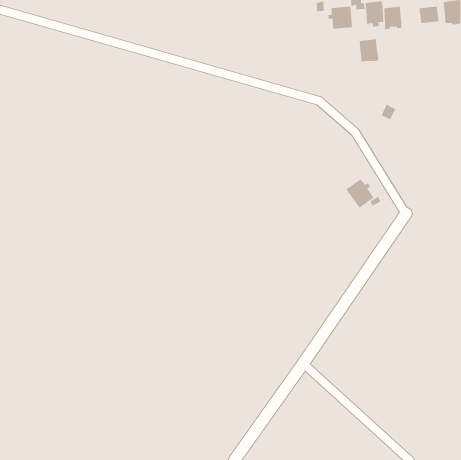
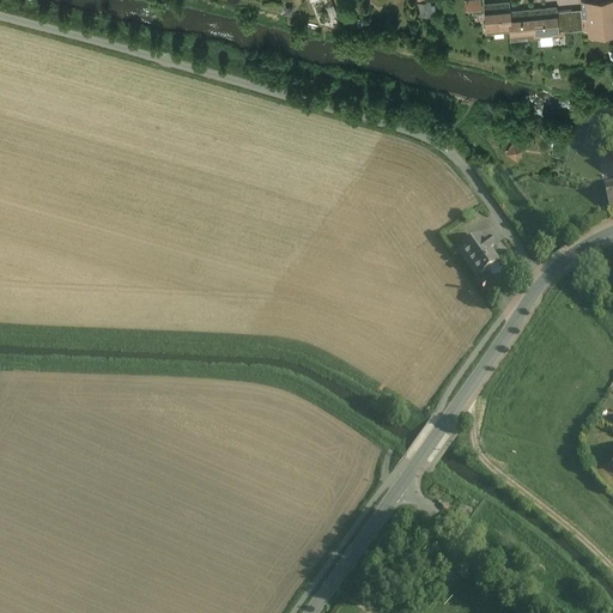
building: [328,6,353,30] -> none
building: [359,39,379,62] -> [532,6,558,37]

